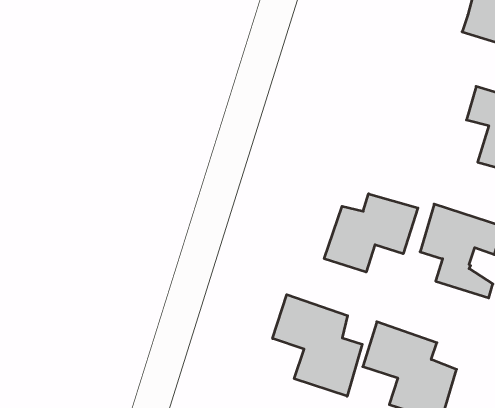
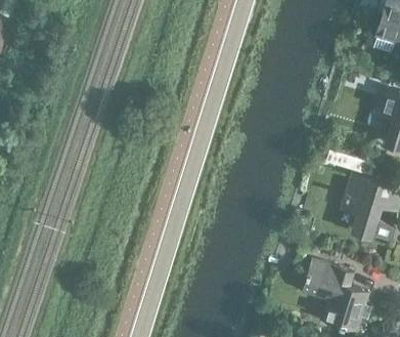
building: [324,194,418,272] -> none
building: [273,295,362,396] -> none

